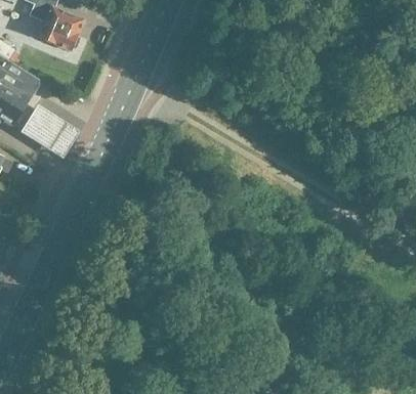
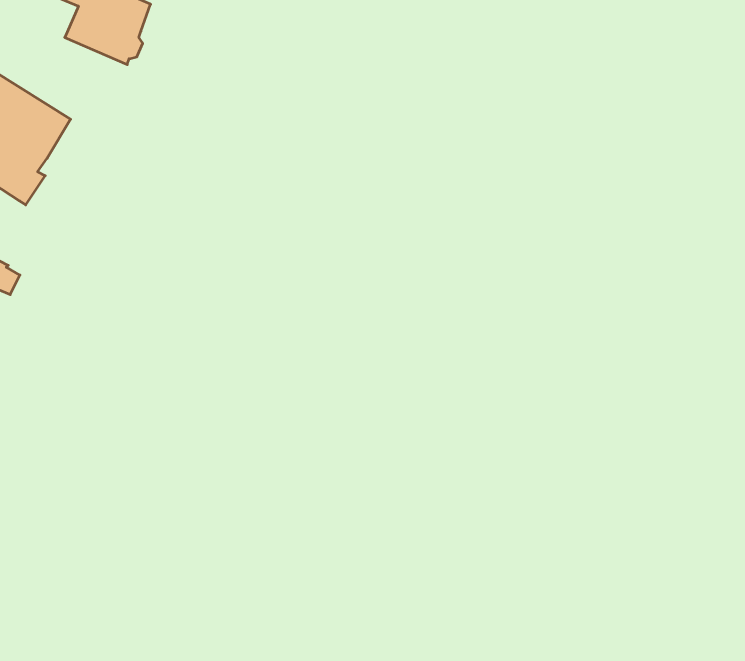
building: [18,102,78,157] -> none

